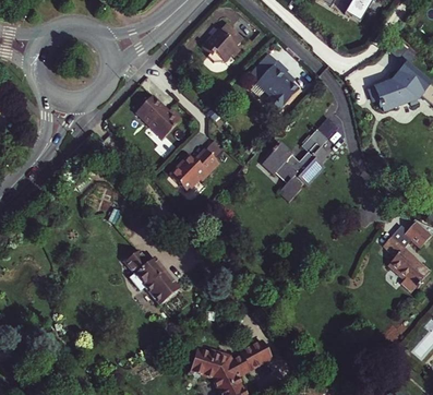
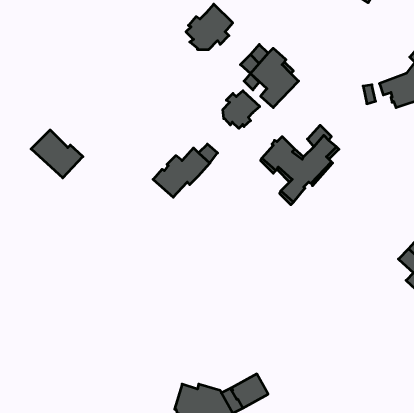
building: none -> [223,91,260,128]
building: [131,97,176,139] -> [31,130,83,178]
building: [123,250,179,304] -> none

